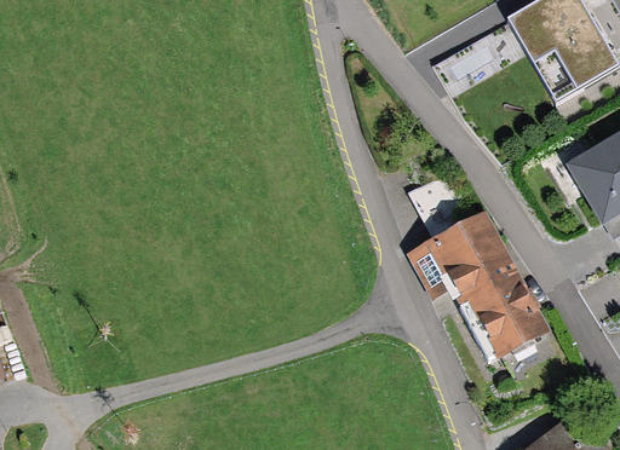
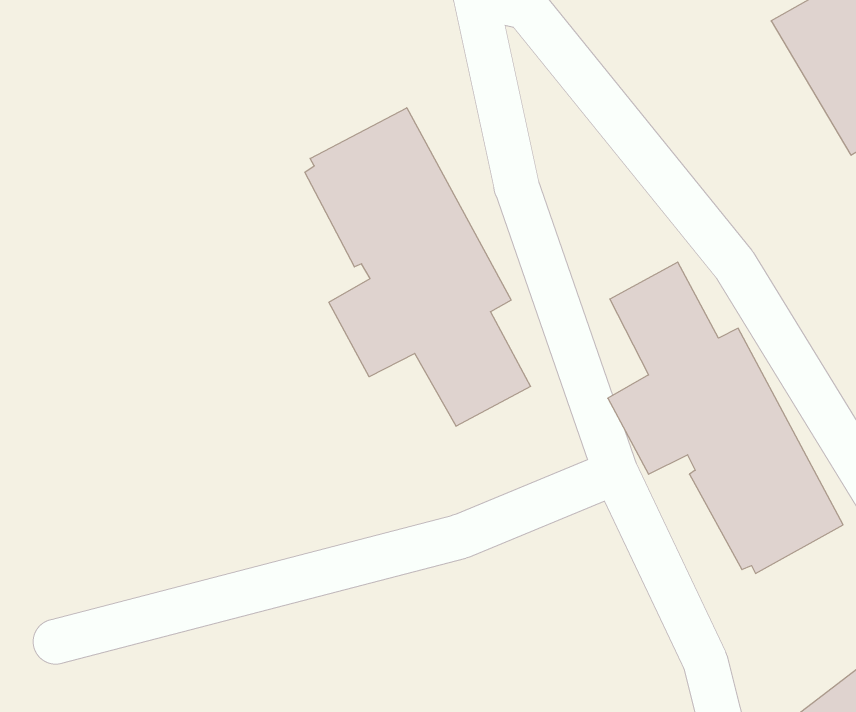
building: none -> [305,108,531,426]

